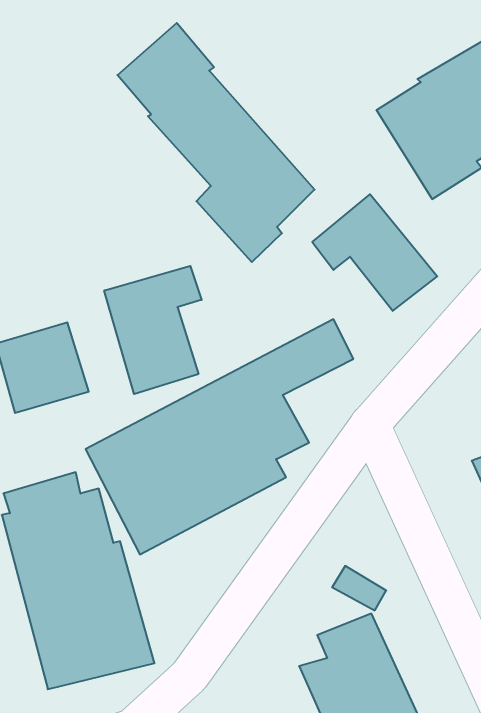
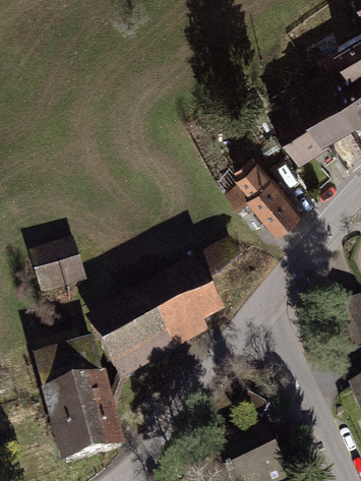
building: [117,23,315,262] -> none
building: [104,266,202,394] -> none

